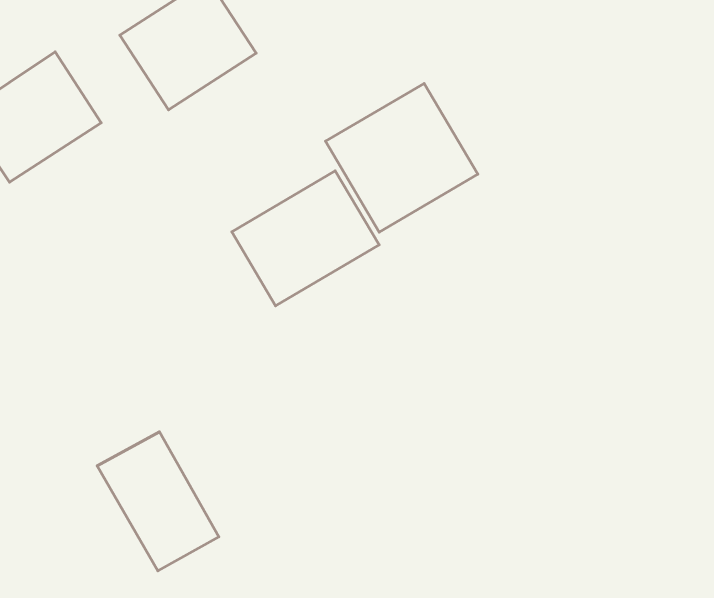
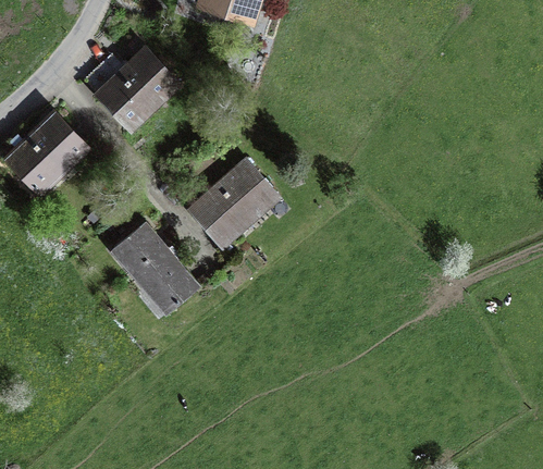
building: [325,83,478,232] -> none
building: [97,432,219,571] -> [110,221,196,311]

